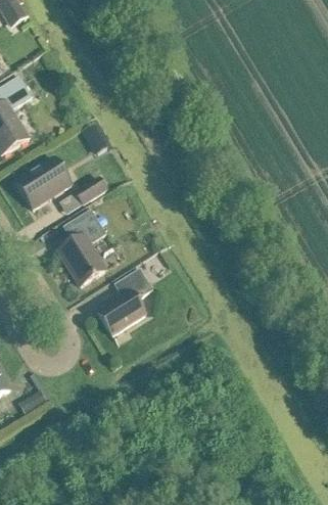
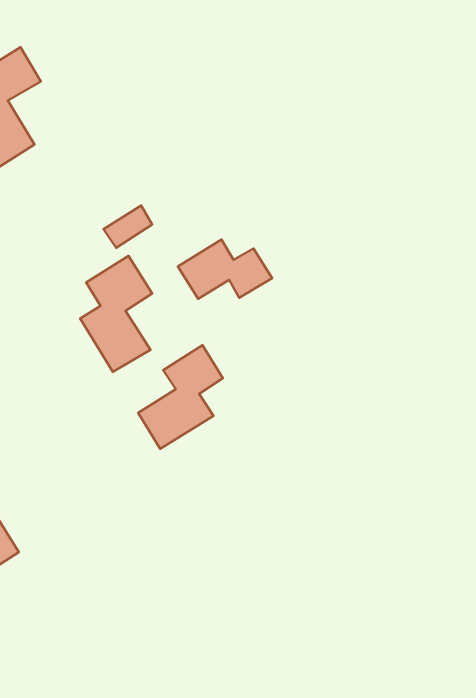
building: [15,156,72,208] -> none
building: none -> [178,240,272,299]

